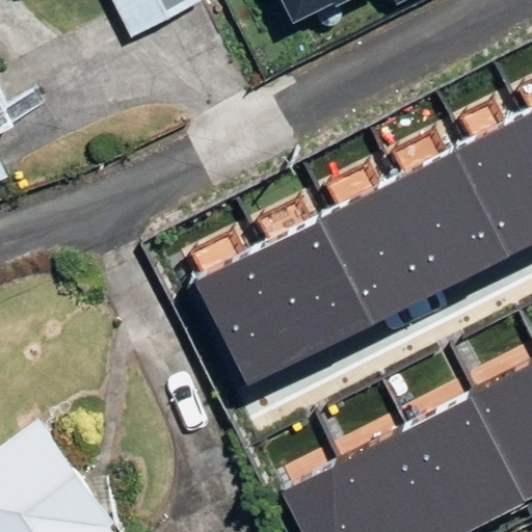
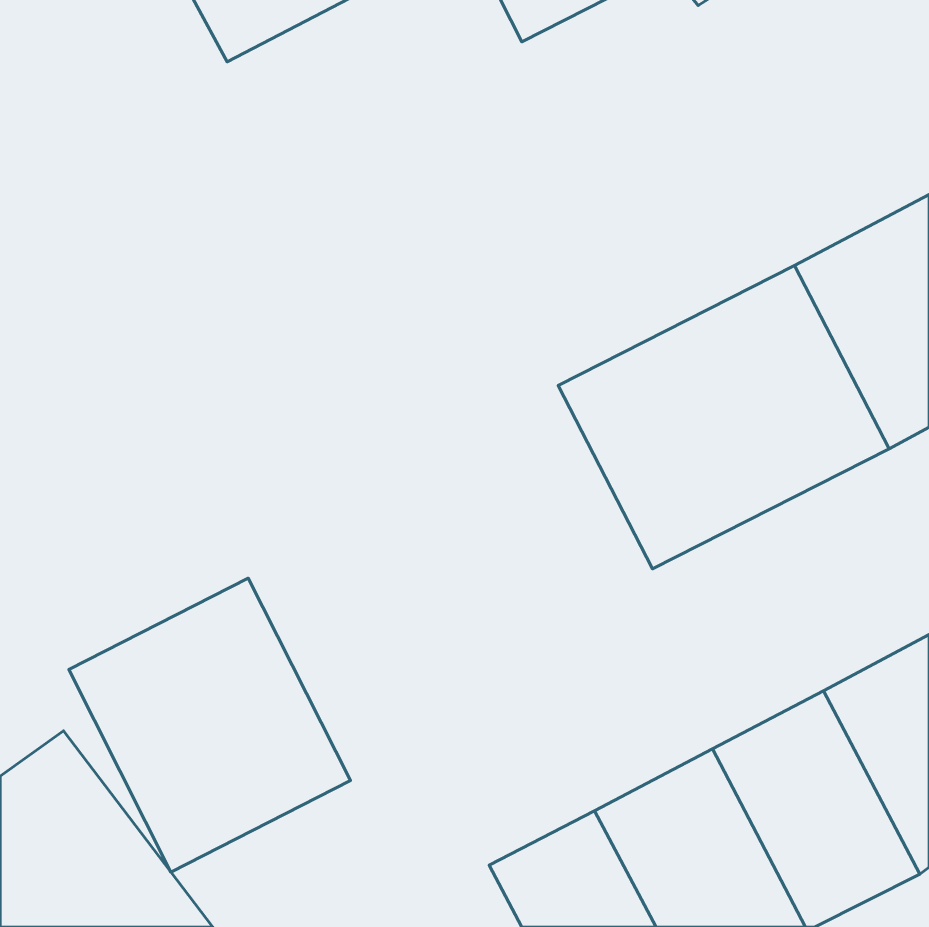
building: [201,220,373,387] -> none
building: none -> [69,578,350,872]

